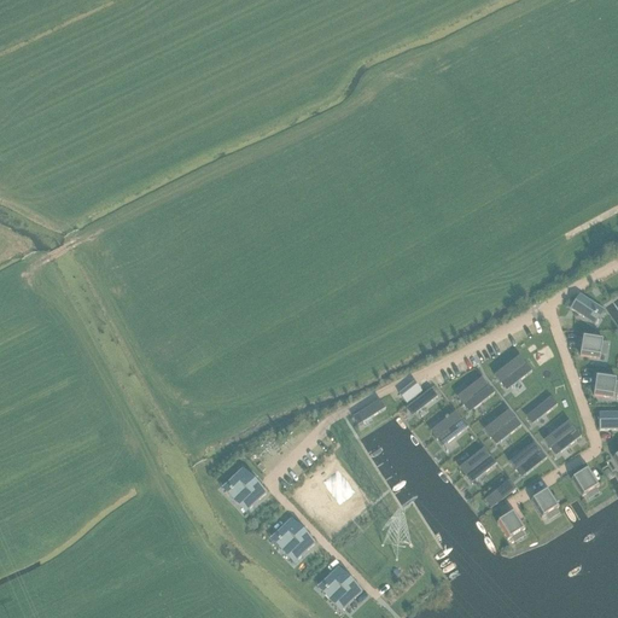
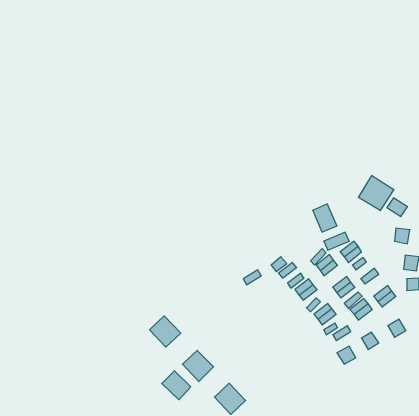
building: none -> [358,175,394,211]
building: none -> [313,204,337,232]
building: none -> [162,371,191,400]

